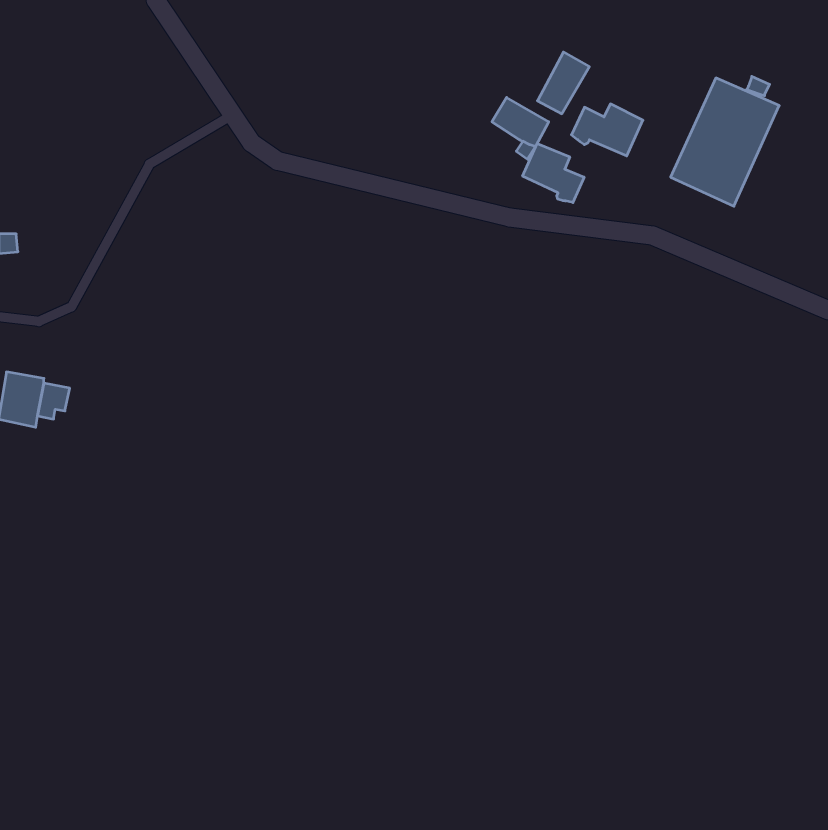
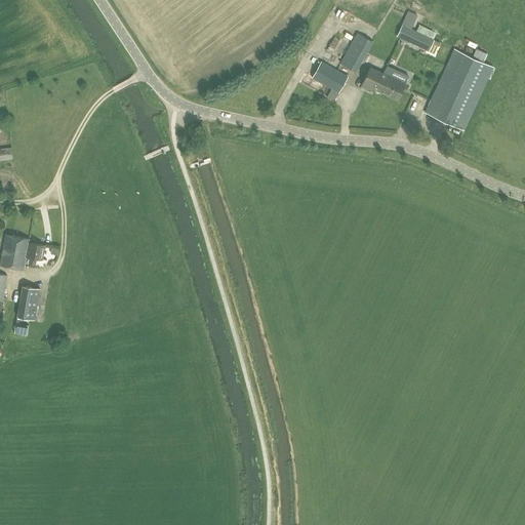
building: none -> [395,24,433,51]
building: [523,143,584,203] -> none
building: none -> [16,286,39,320]

